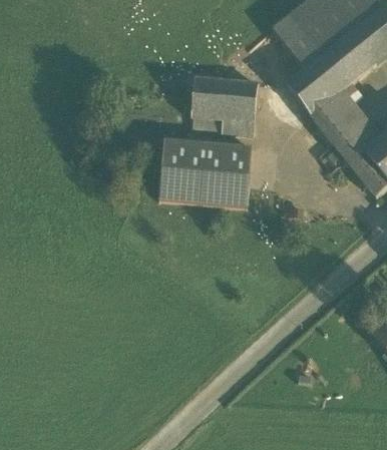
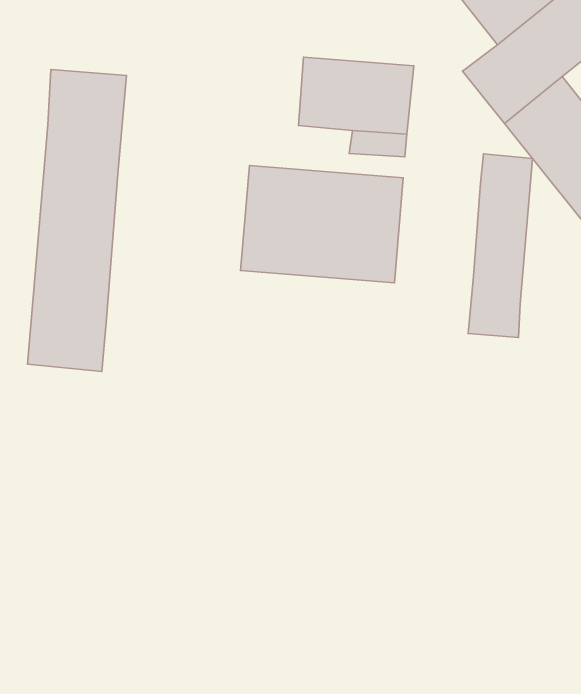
building: none -> [28,69,127,372]
building: none -> [468,154,533,338]

